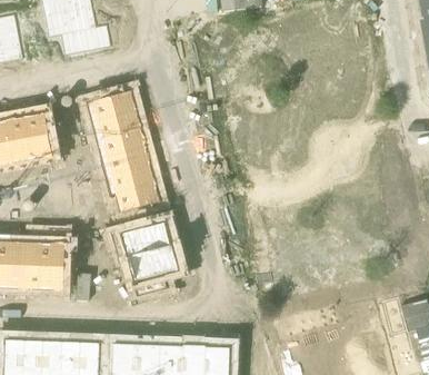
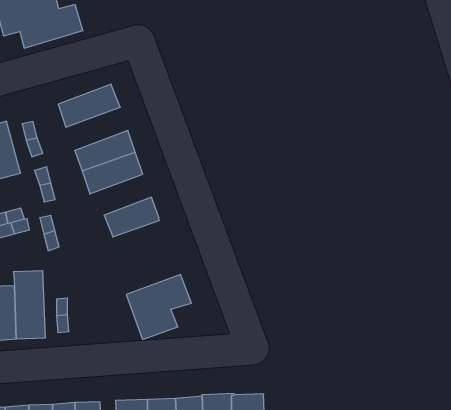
building: [91,109,140,140] -> none
building: [106,164,154,195] -> none
building: [112,220,172,260] -> none

